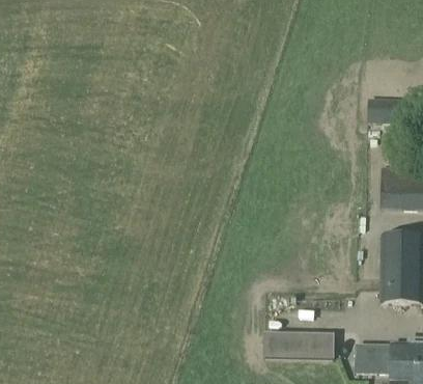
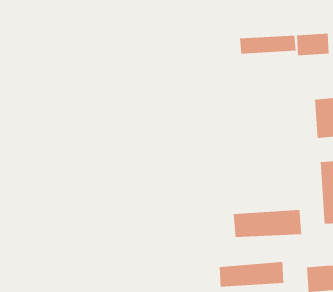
building: none -> [239,35,296,55]
building: none -> [233,209,302,238]

